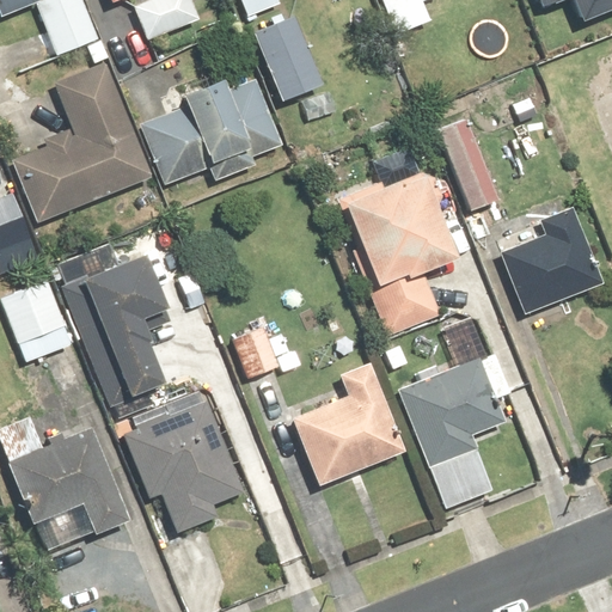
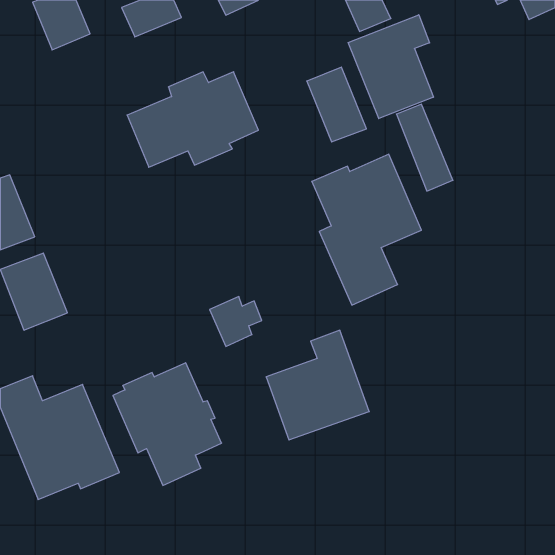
building: none -> [348,15,433,119]
building: [256,17,322,99] -> [307,67,366,142]
building: [14,65,153,222] -> none
building: [500,209,604,313] -> none
building: [62,252,166,405] -> none
building: [398,354,507,510] -> none

